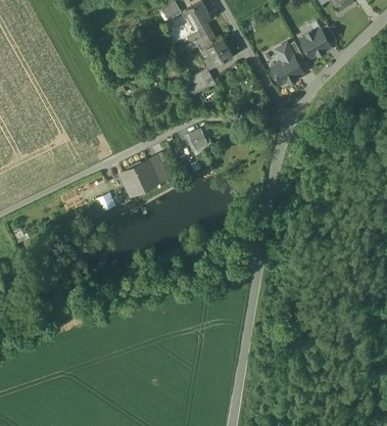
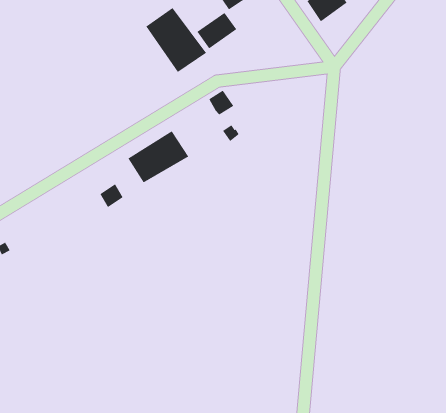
building: none -> [145,7,207,73]

